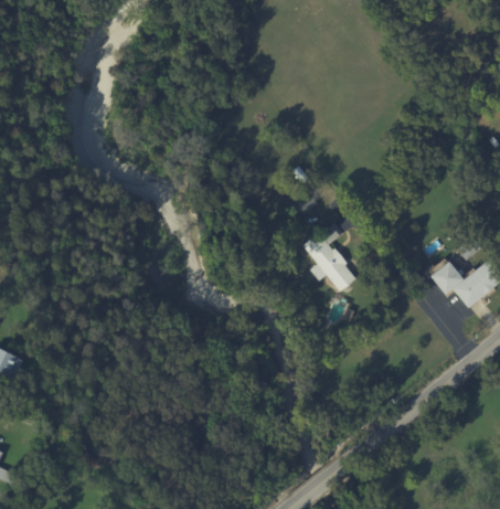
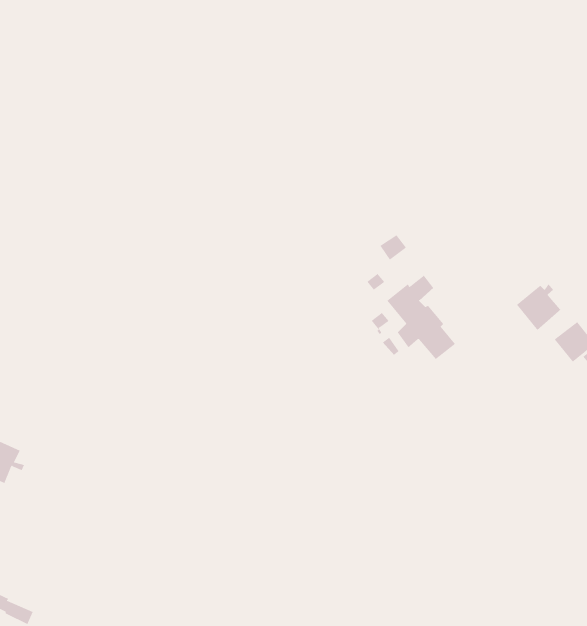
building: none -> [516,284,562,331]

